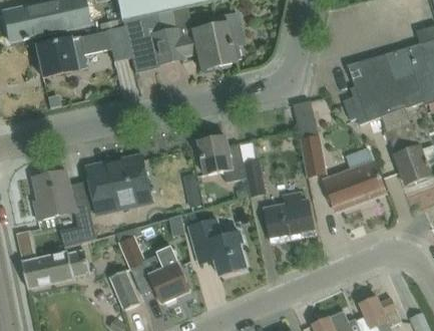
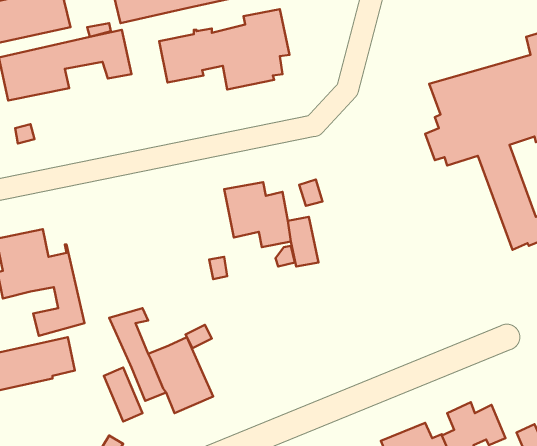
building: [122,9,175,72] -> none
building: [293,99,325,178] -> none
building: [325,146,385,210] -> none
building: [85,156,152,216] -> none
building: [265,194,315,242] -> none
building: [188,220,246,275] -> none

